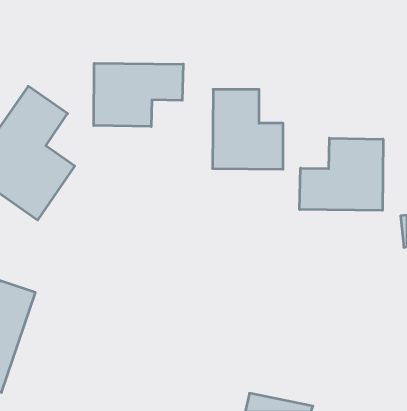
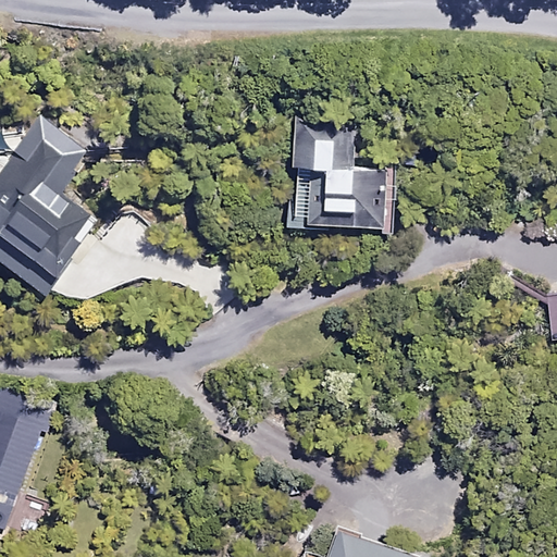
building: [94,63,183,127] -> none
building: [300,138,383,210] -> none

